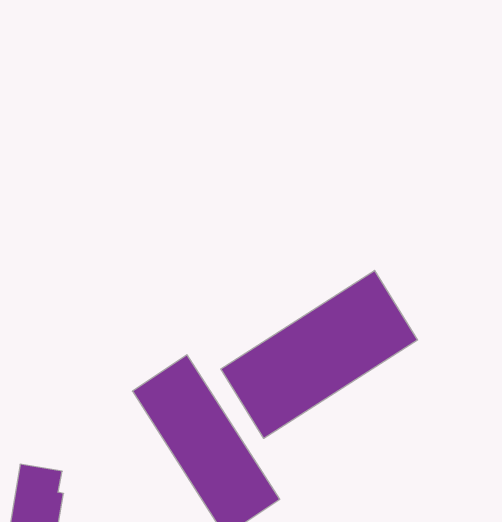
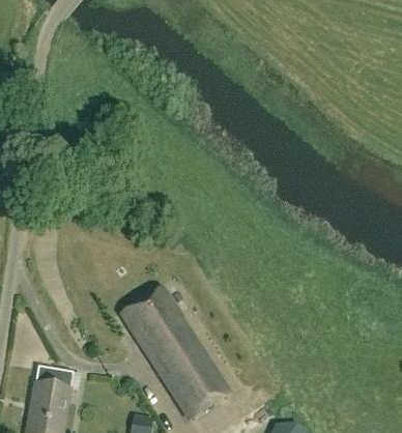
building: [221,270,418,438] -> none

